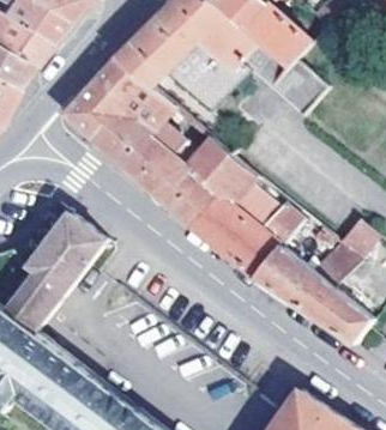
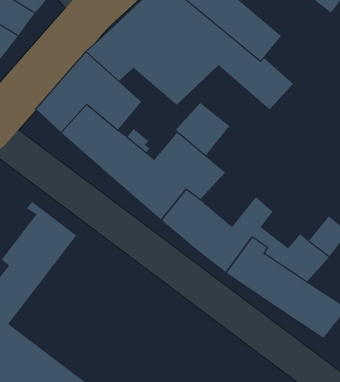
building: [233,176,288,230] -> [175,102,230,156]

